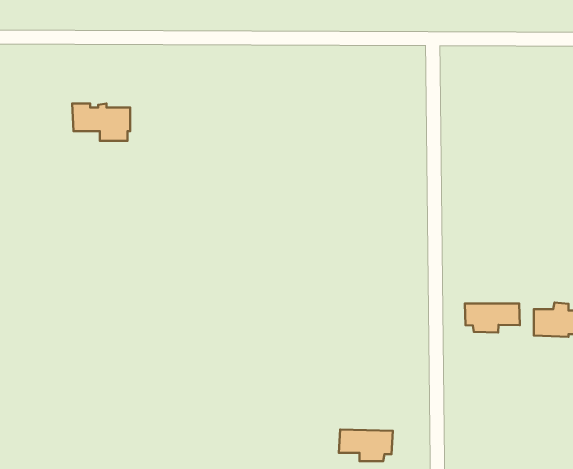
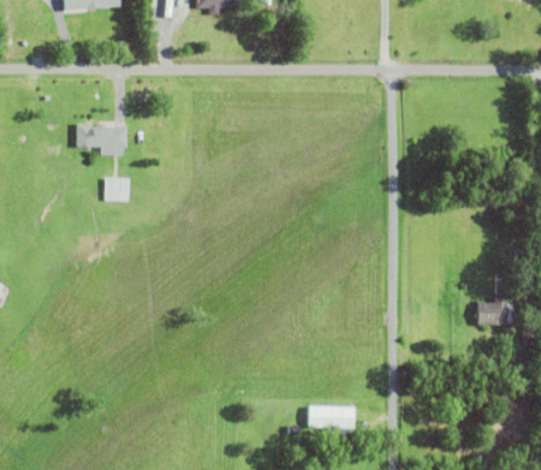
building: none -> [105,177,130,201]
building: [465,304,520,332] -> none

